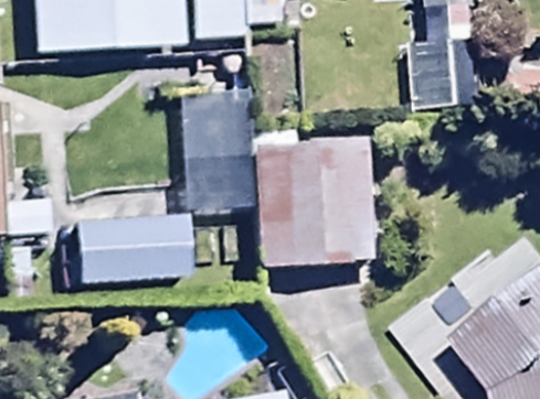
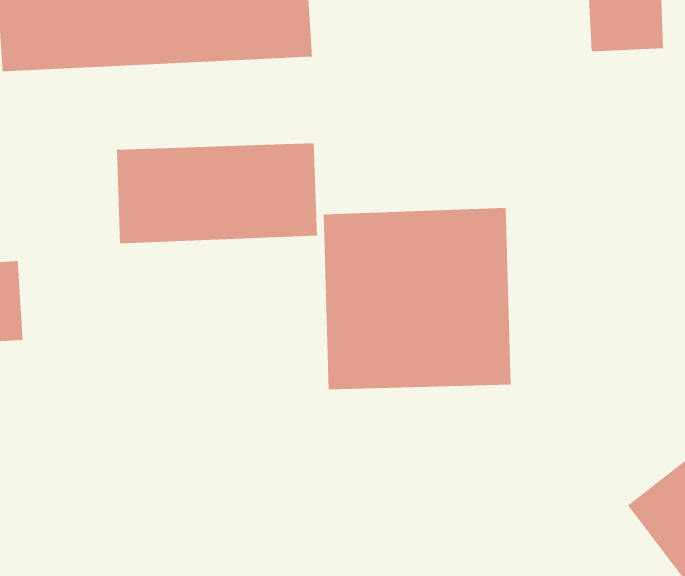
building: [74,215,187,284] -> none

